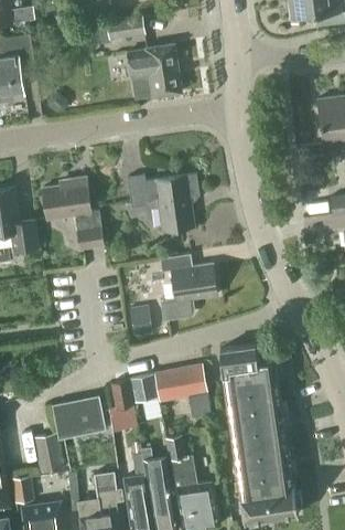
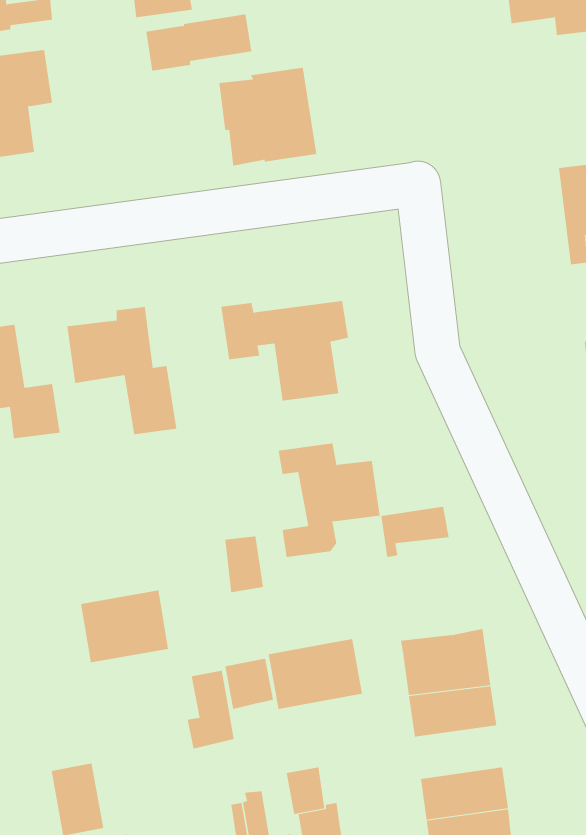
building: [219,343,258,372] -> [381,506,450,557]
building: [54,398,104,438] -> [80,590,169,663]
building: [236,412,285,442] -> none

